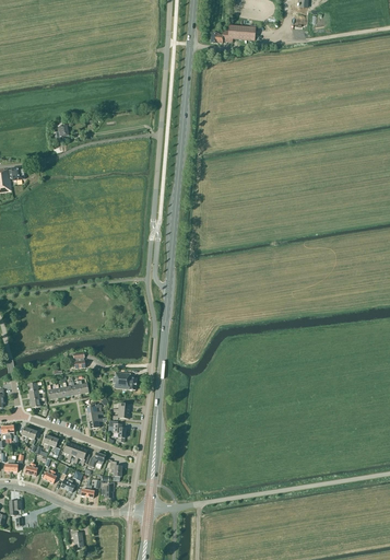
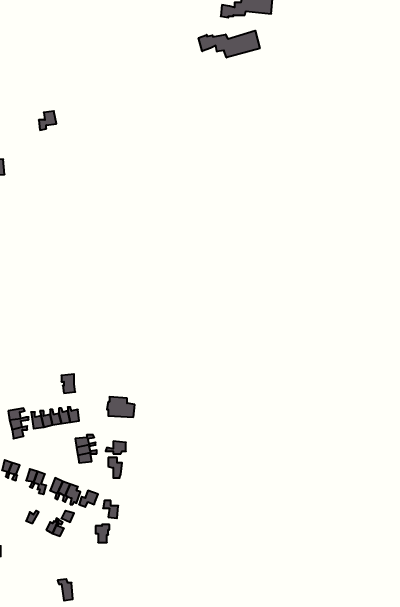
building: none -> [199,31,260,58]

